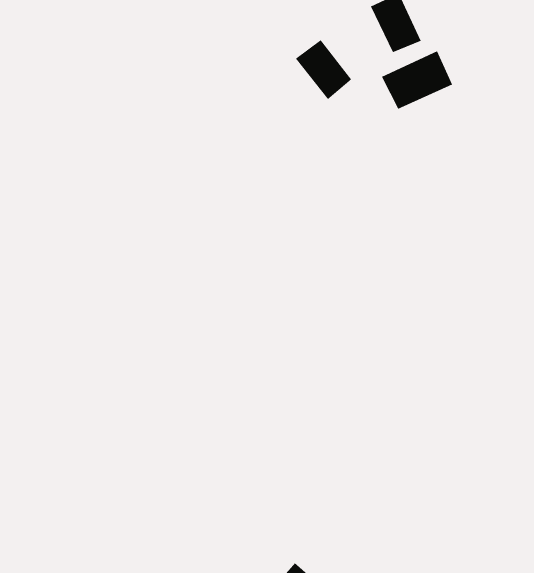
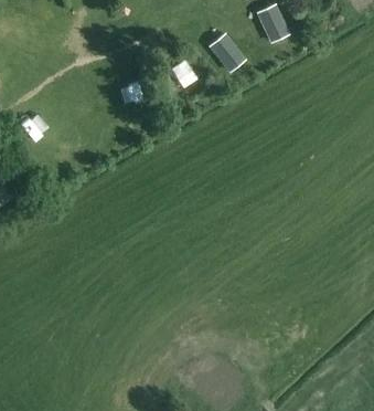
building: [381,50,453,110] -> none

